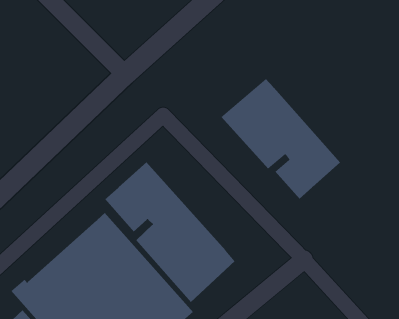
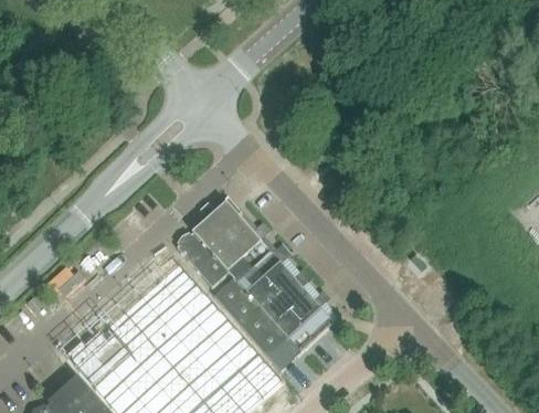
building: [221,78,341,200] -> none

